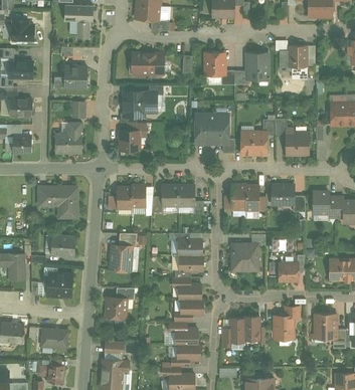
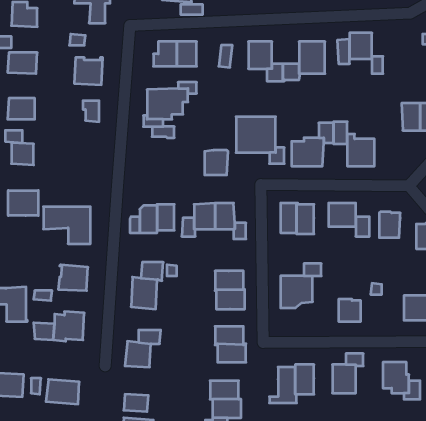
building: [54,123,80,153] -> none
building: [120,130,139,150] -> [205,150,228,175]
building: none -> [8,190,38,216]

